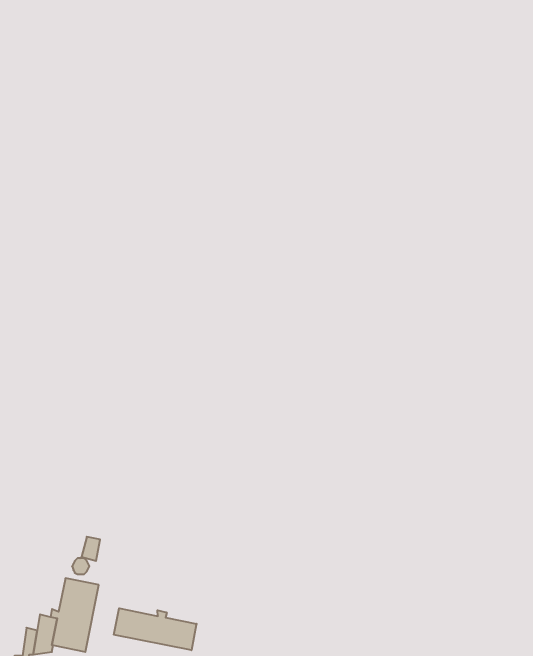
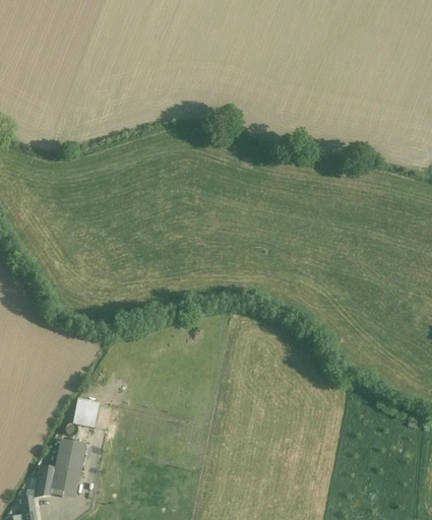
building: [114,608,197,650] -> none

